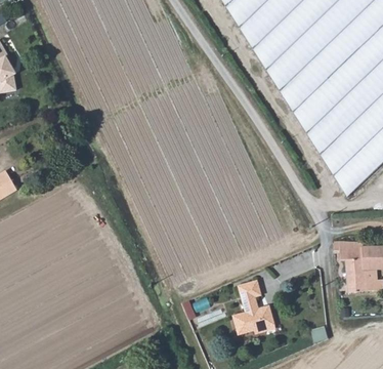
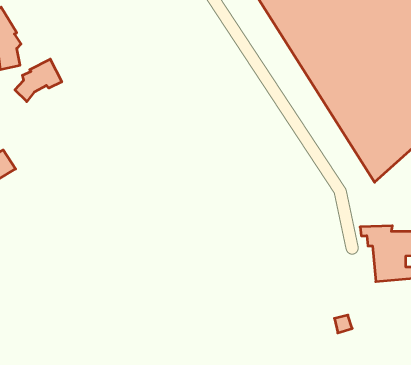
building: none -> [15,59,62,102]
building: [233,281,274,334] -> none

